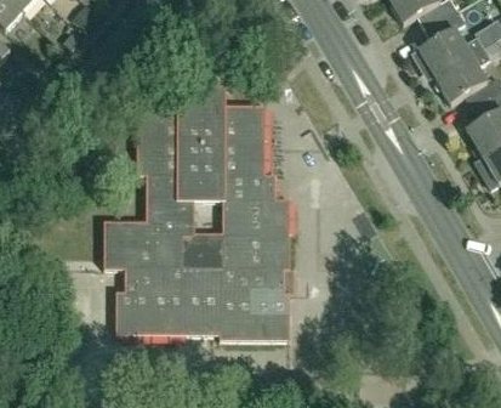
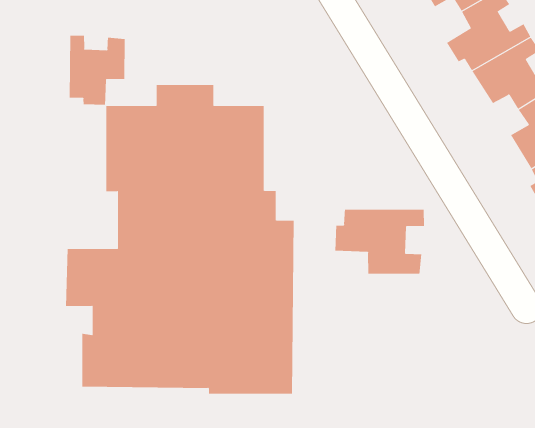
building: none -> [69,35,125,105]
building: none -> [335,209,424,274]

